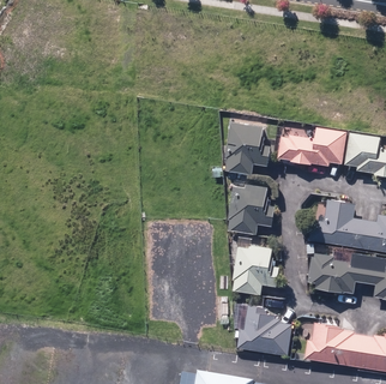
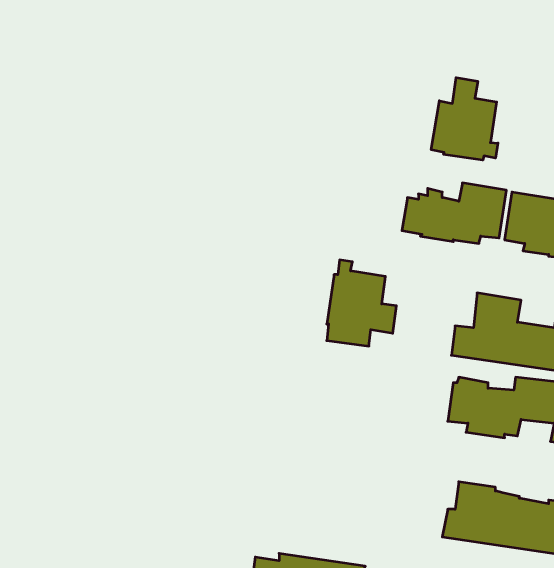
building: none -> [431,78,498,160]
building: [224,124,269,175] -> none
building: [231,246,278,295] -> none
building: [237,306,291,356] -> none

